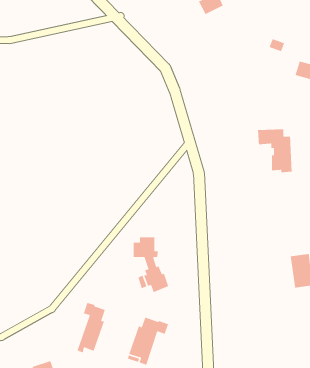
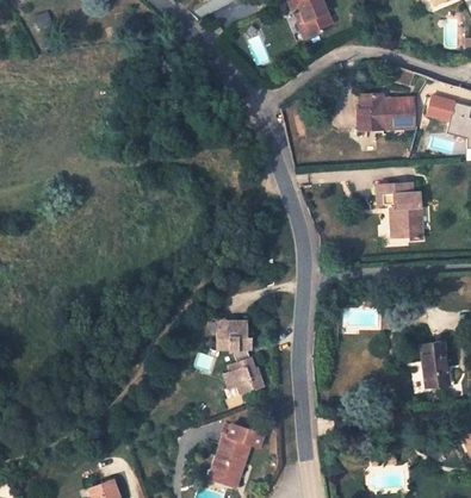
building: none -> [358,94,413,129]
building: [76,302,106,353] -> none

